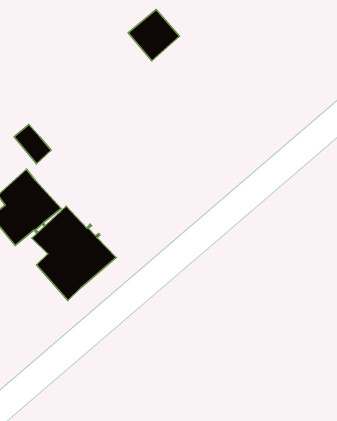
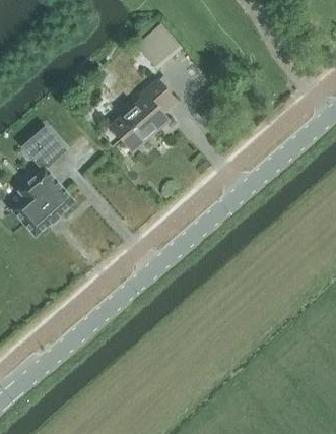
building: none -> [110,79,175,151]
building: [32,206,116,300] -> none

